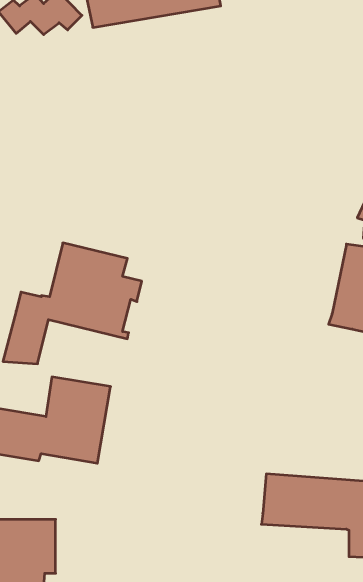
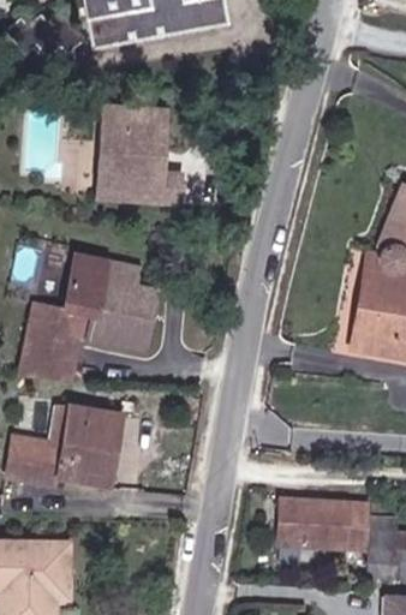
building: none -> [103,109,189,207]

